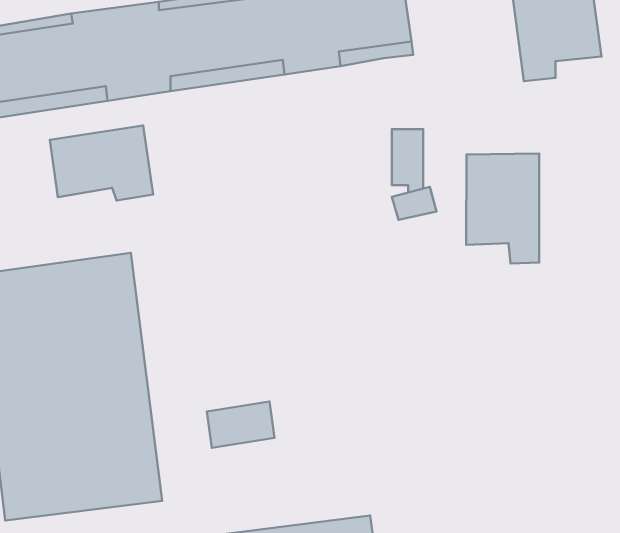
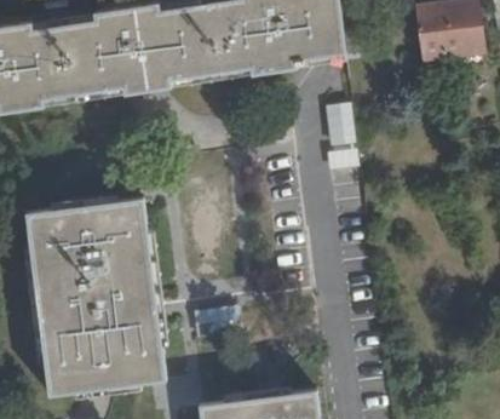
building: [50,125,153,201] -> none
building: [466,154,539,264] -> none

